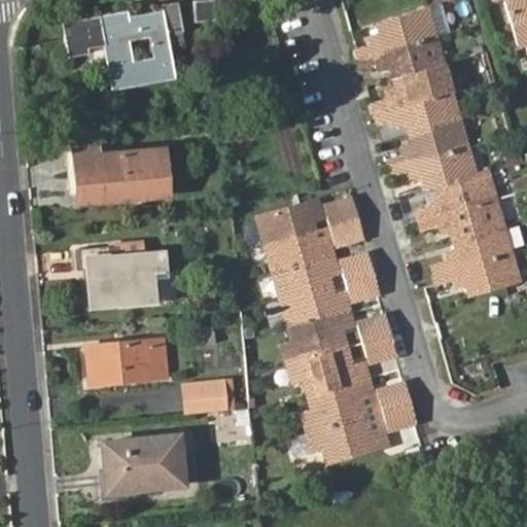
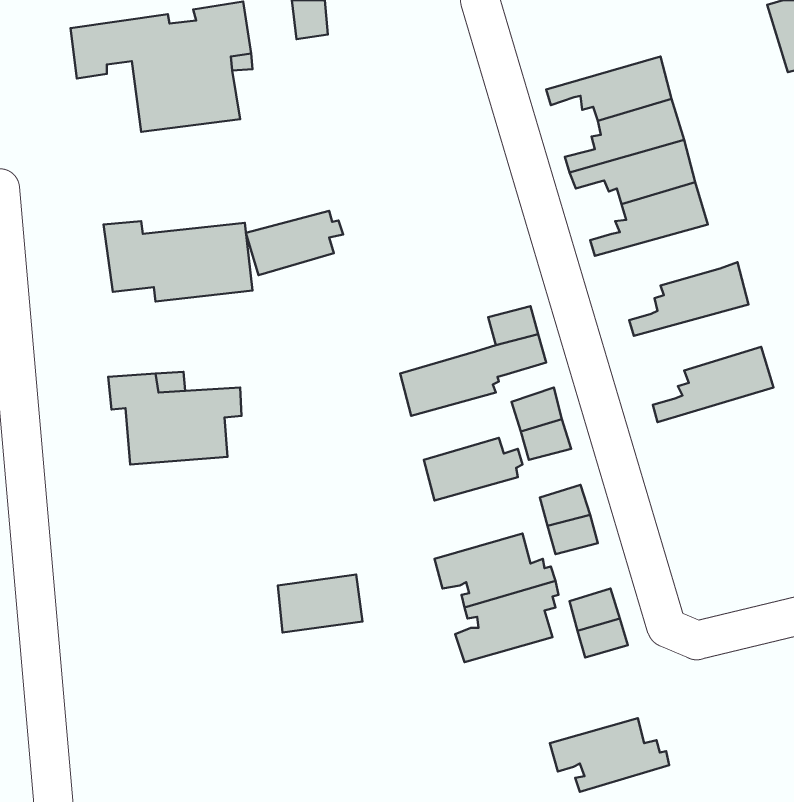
building: [360,10,438,59] -> none
building: [395,147,478,190] -> none
building: [421,200,504,243] -> none
building: [259,203,323,245] -> [246,211,343,275]
building: [436,254,521,296] -> none
building: [275,257,340,302] -> none
building: [284,311,352,366] -> none
building: [89,338,170,385] -> none
building: [310,418,388,466] -> [550,718,669,792]
building: [99,437,186,494] -> none

